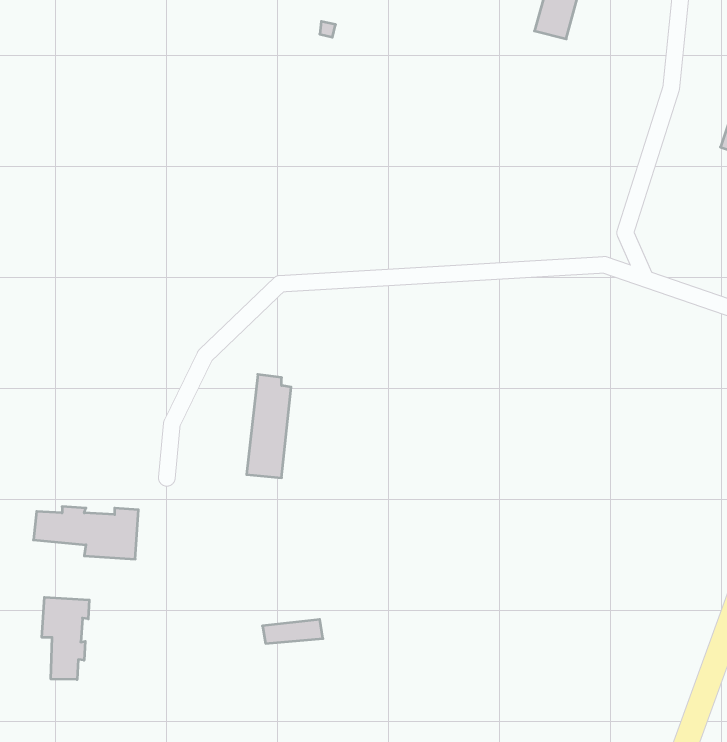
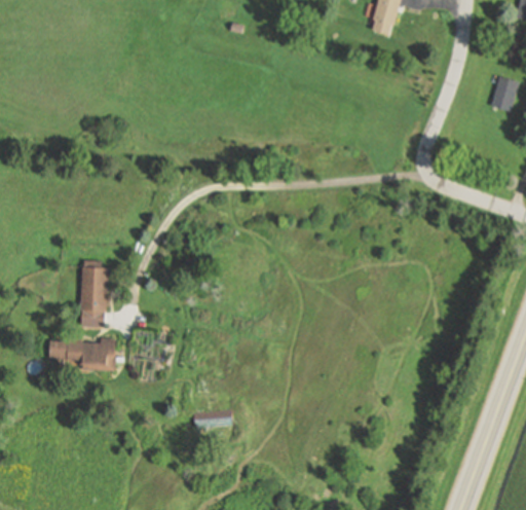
building: [247,374,291,478] -> [78,260,107,327]
building: [42,597,89,680] -> none

